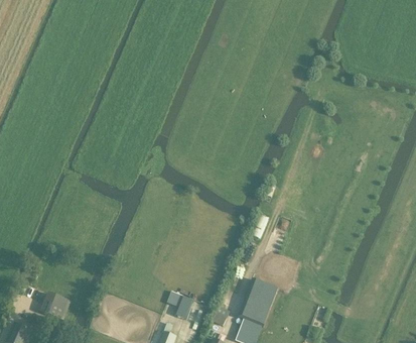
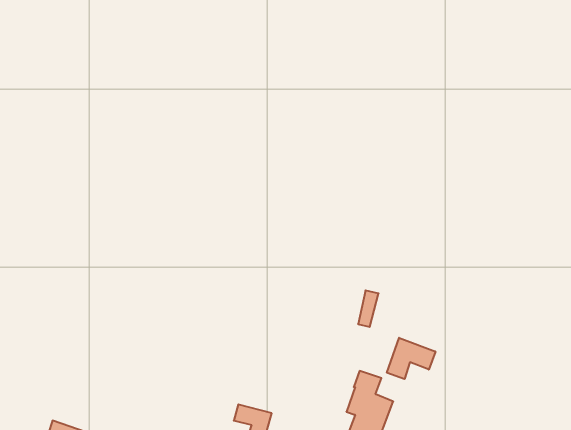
building: none -> [387,338,435,379]

